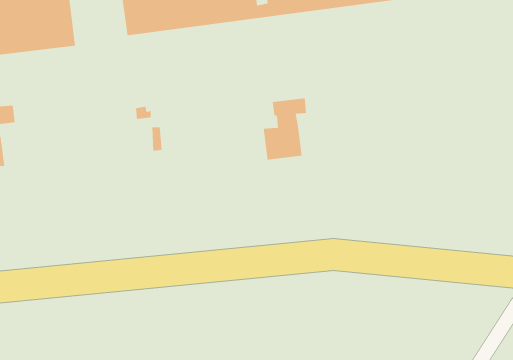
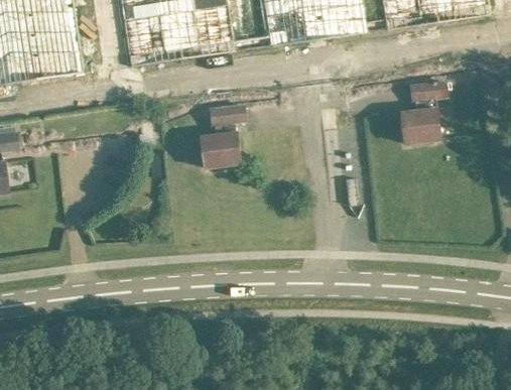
building: none -> [402,79,448,141]
building: [263,98,307,160] -> [202,103,245,164]

